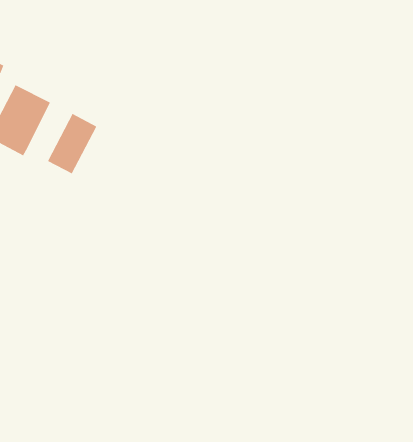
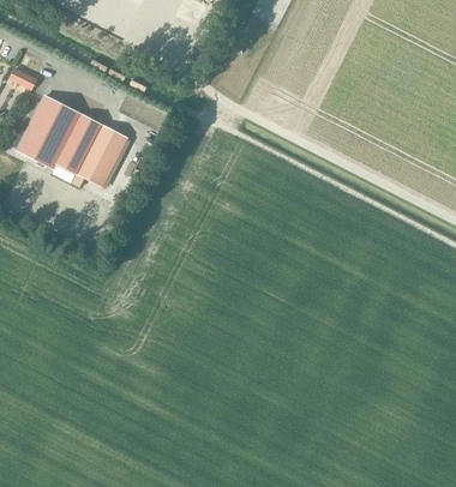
building: none -> [56,114,102,173]

